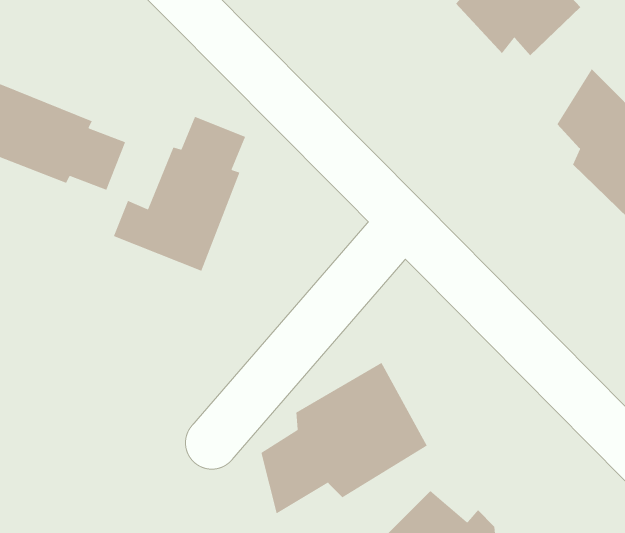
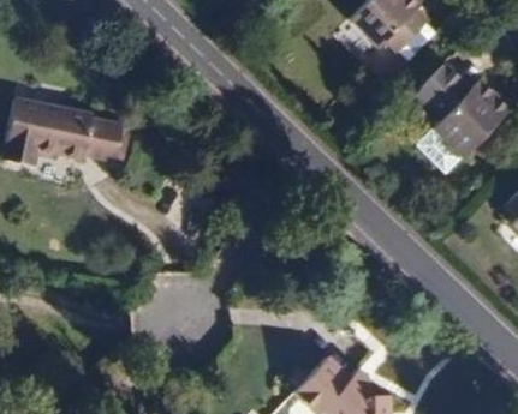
building: [113,116,246,272] -> none
building: [261,362,428,514] -> none

